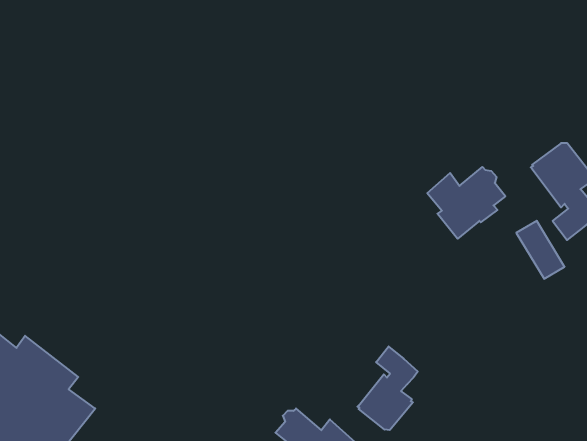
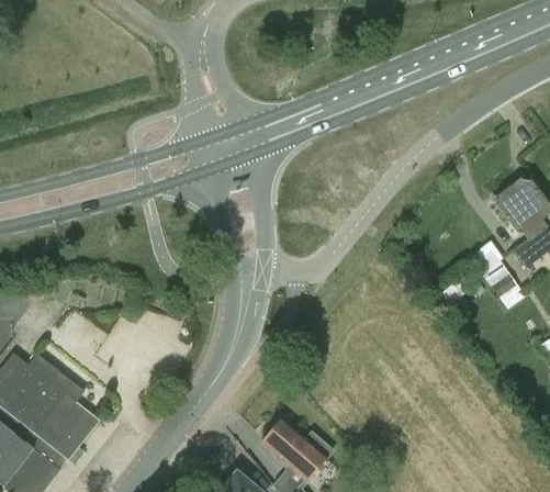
building: [427,167,505,239] -> none
building: [357,346,418,430] -> none

